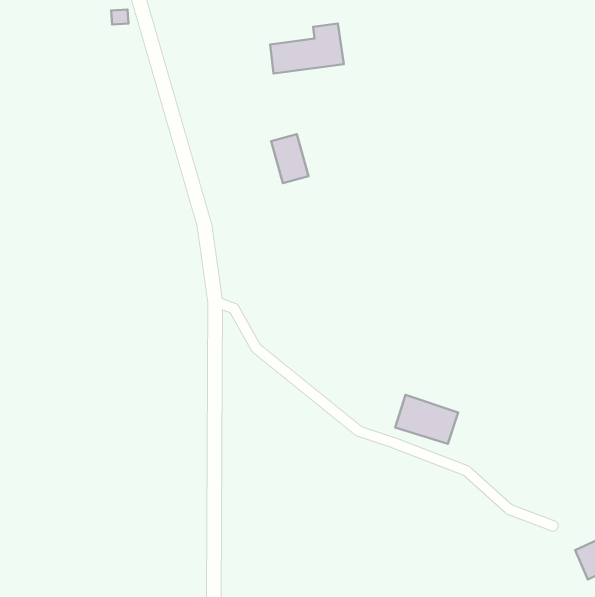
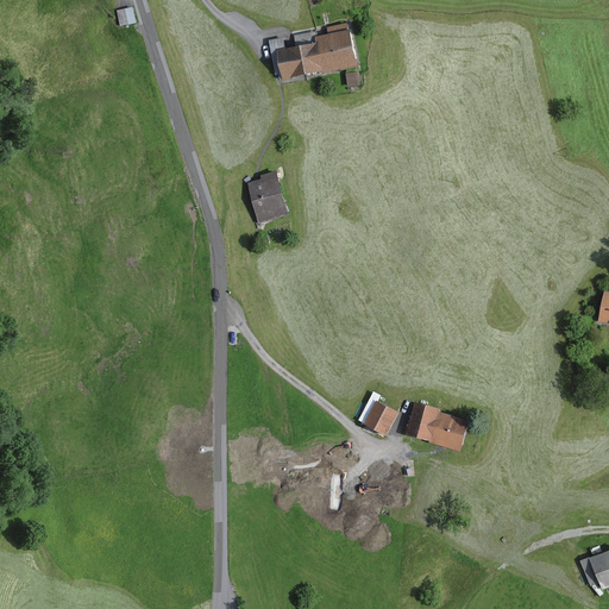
building: [271,134,309,183] -> [247,175,285,225]
building: none -> [362,398,398,437]

